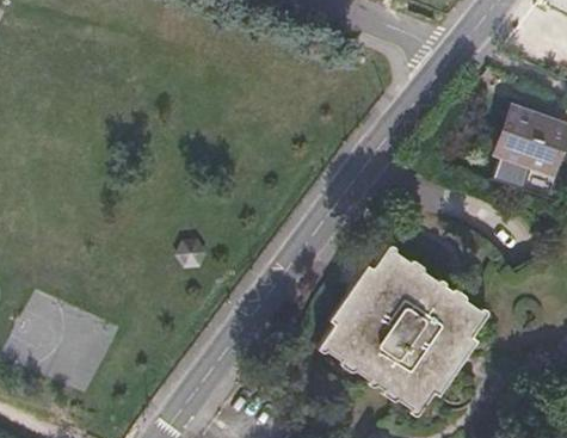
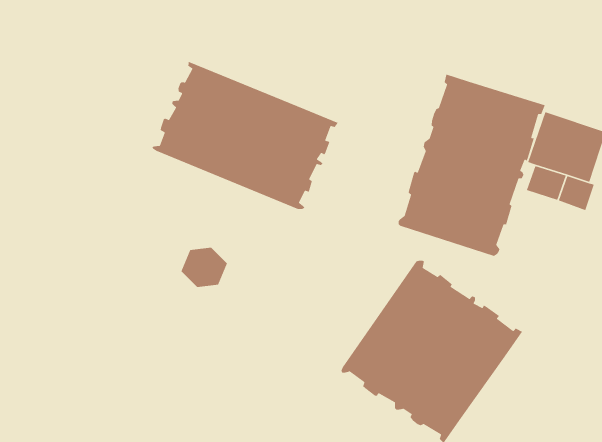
building: none -> [152,61,339,210]
building: none -> [398,73,546,257]

